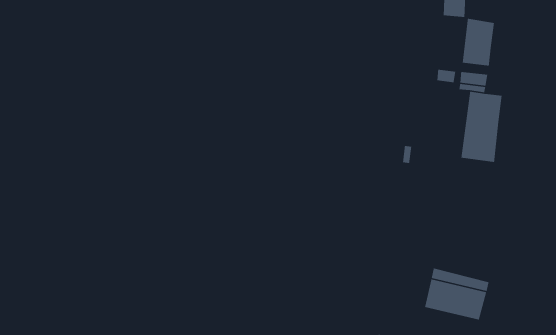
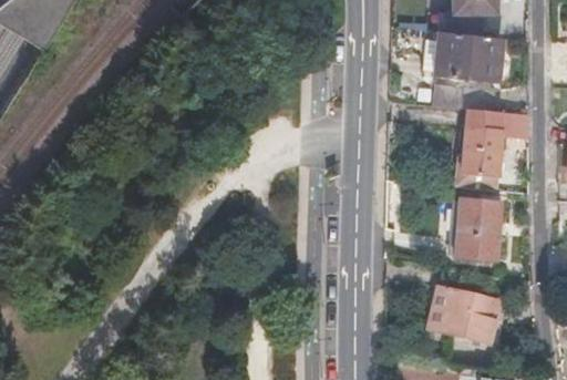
building: none -> [433,31,472,81]
building: none -> [460,203,505,263]

